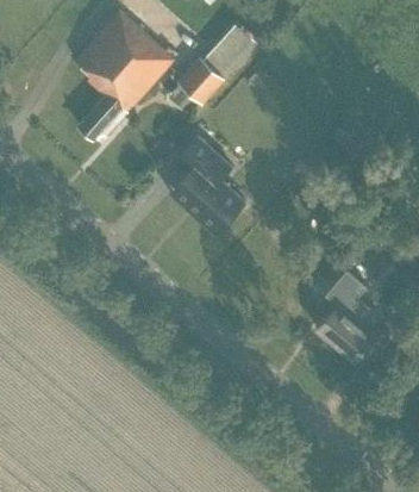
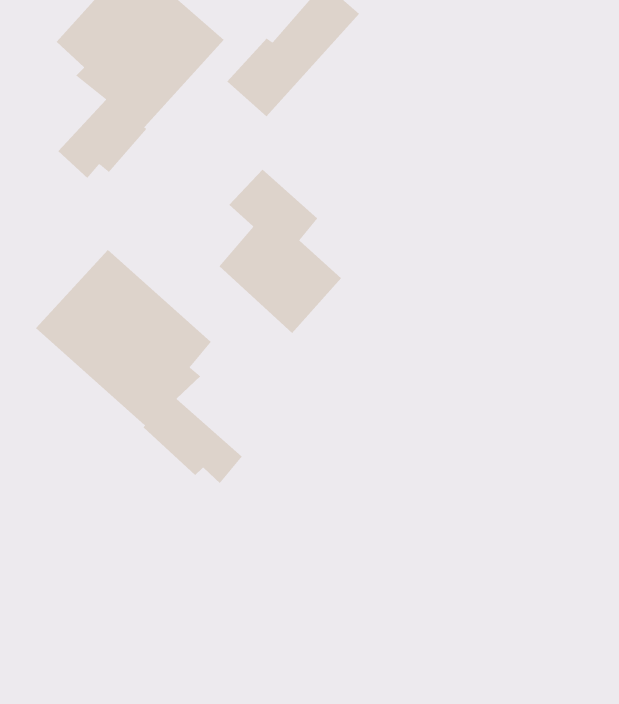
building: none -> [35,249,242,484]
building: [318,269,376,361] -> none

